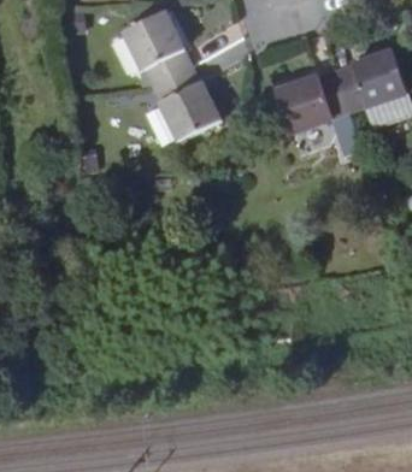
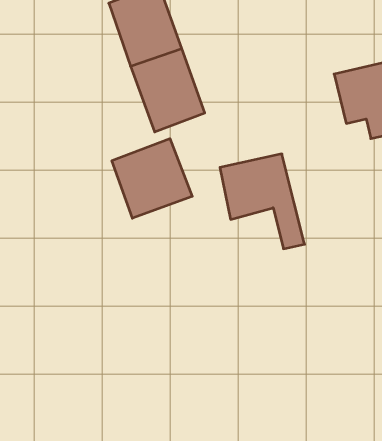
building: [275,72,357,155] -> [220,154,305,249]
building: none -> [112,139,192,218]

